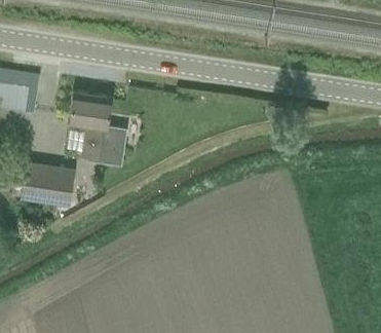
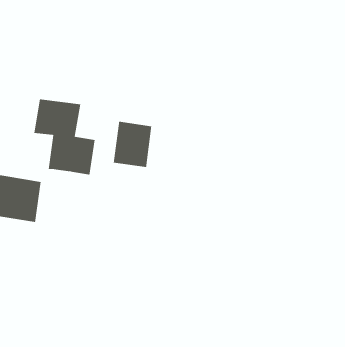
building: none -> [113,121,152,168]

